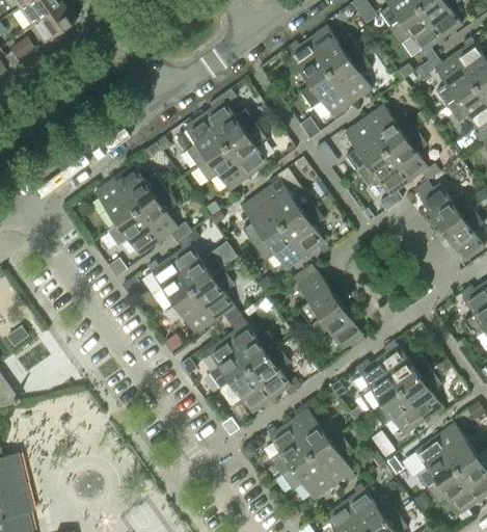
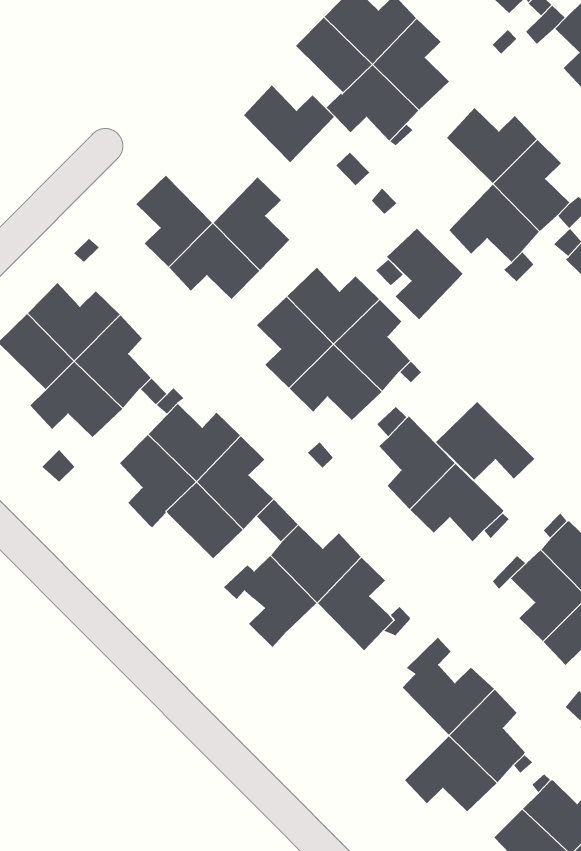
building: [205,100,255,145] -> [243,84,335,163]
building: [345,119,386,171] -> [386,228,463,320]
building: none -> [435,401,535,481]
building: [220,368,271,413] -> none
building: [269,423,310,475] -> none

